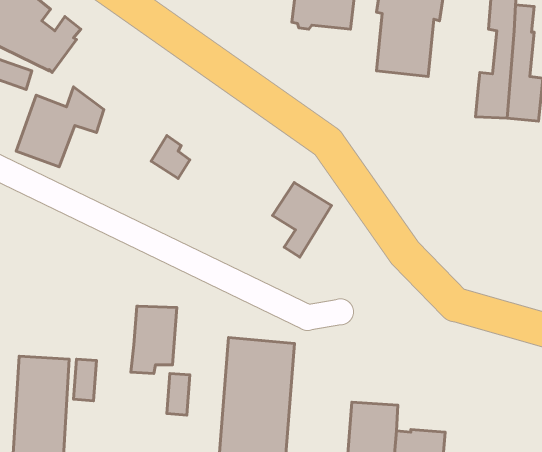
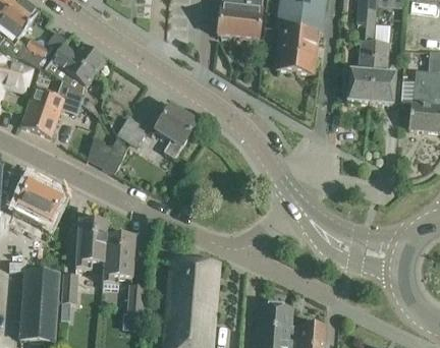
building: none -> [47,45,104,96]
building: none -> [88,135,127,172]
building: [273,183,331,257] -> [156,105,198,158]
building: none -> [15,180,63,234]
building: none -> [76,220,108,269]

